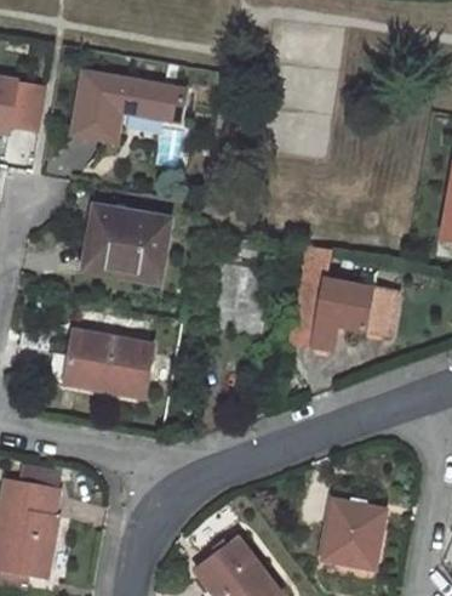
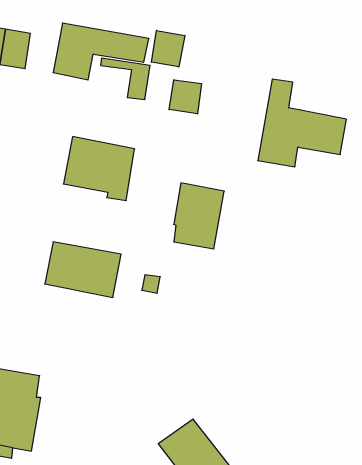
building: none -> [152,30,185,67]
building: none -> [169,80,201,114]
building: [290,244,394,347] -> [258,79,346,167]
building: [324,501,383,568] -> none

